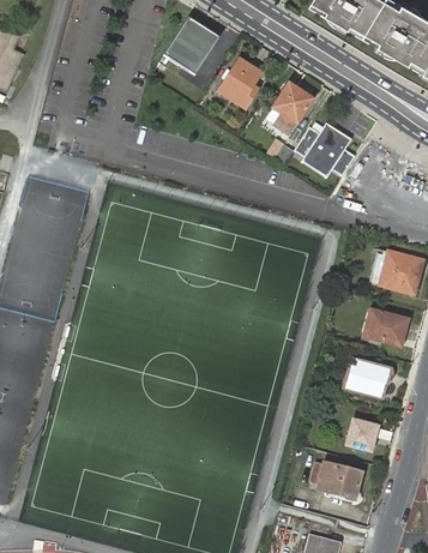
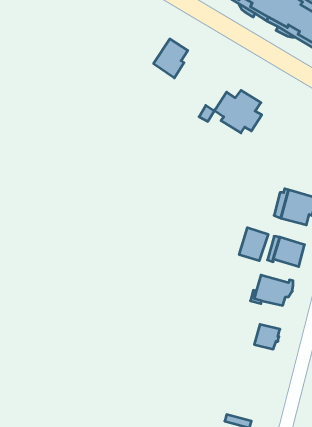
building: [164,17,219,74] -> none
building: [273,82,312,134] -> none
building: none -> [239,228,268,261]
building: [309,459,360,497] -> none

